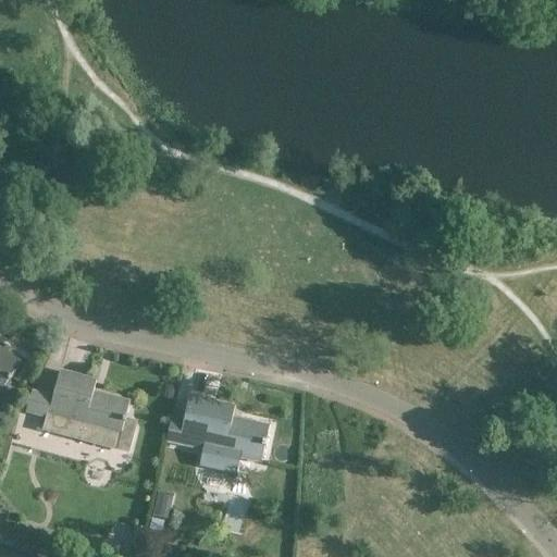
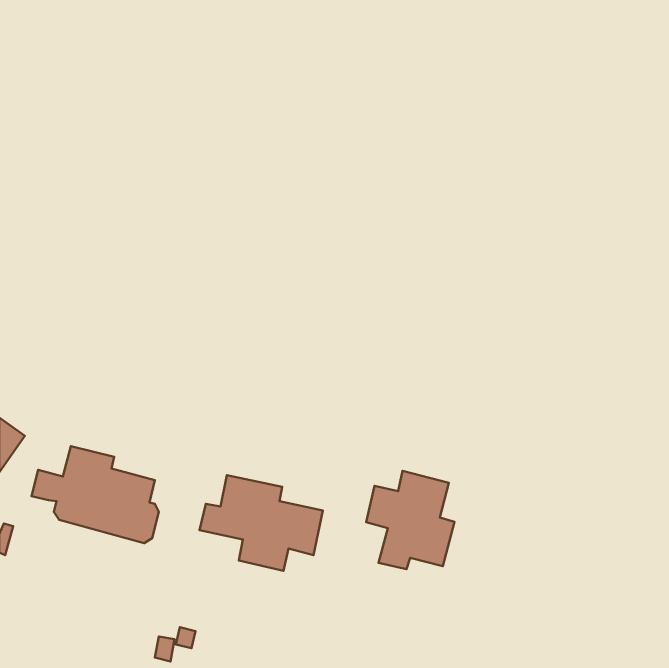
building: none -> [366,471,455,569]

